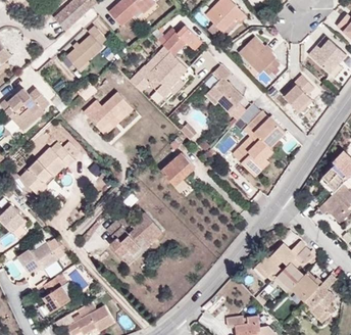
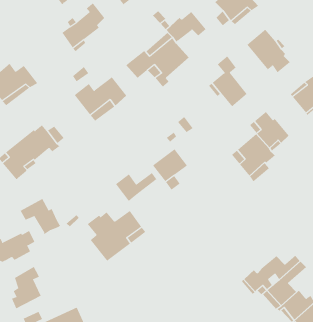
building: none -> [115,172,157,202]
building: none -> [20,198,61,235]

